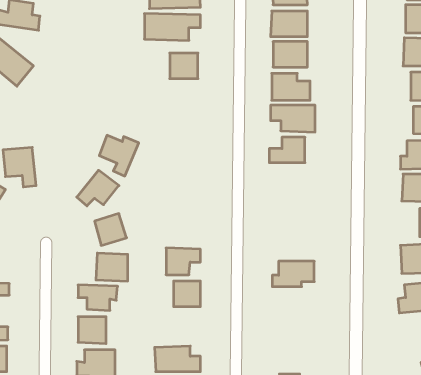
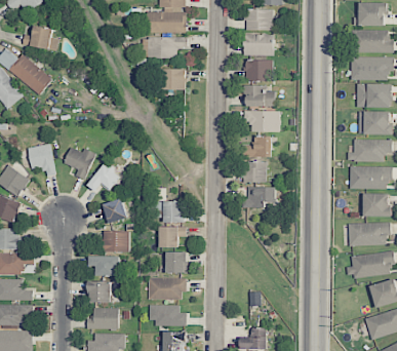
building: [99,135,139,176] -> [64,147,95,180]
building: none -> [242,161,266,183]
building: none -> [155,201,185,221]
building: [272,261,314,287] -> [242,187,276,207]
building: none -> [148,278,185,300]

